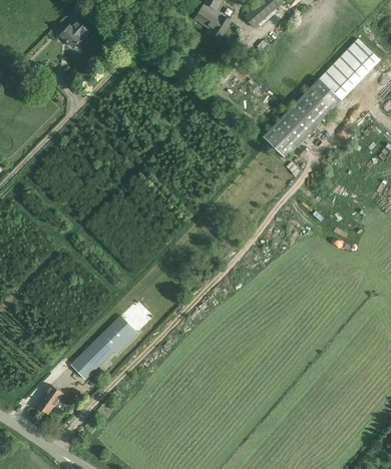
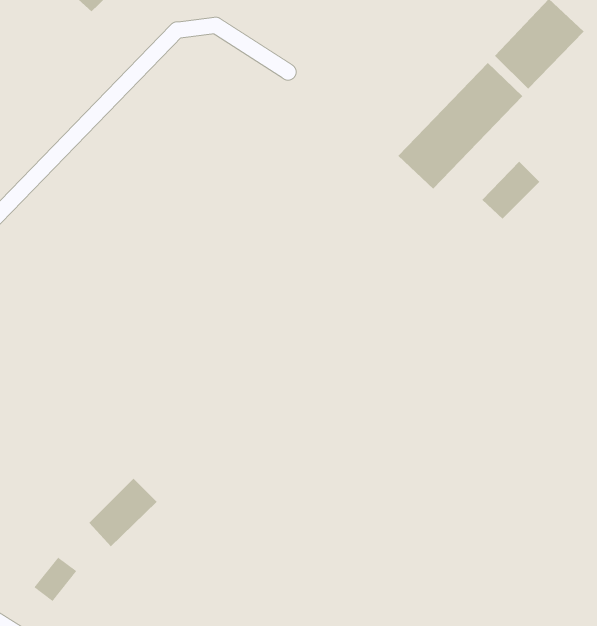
building: none -> [482,161,540,219]
building: [97,316,136,354] -> none

